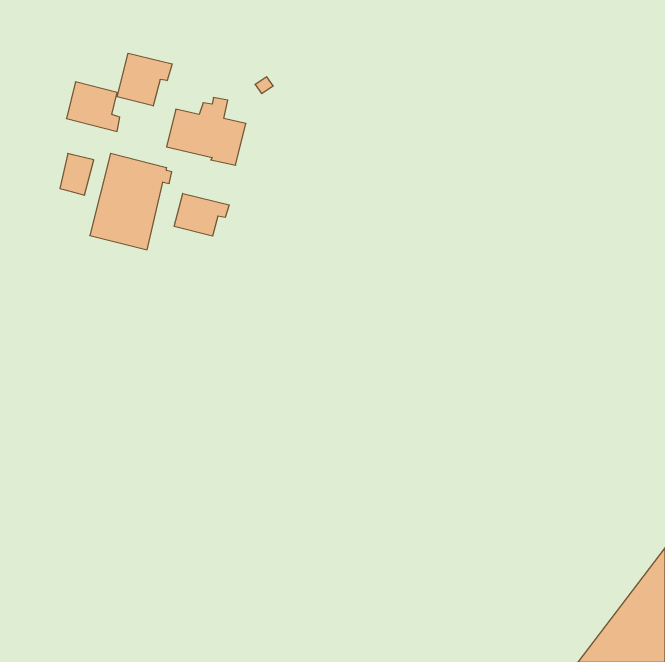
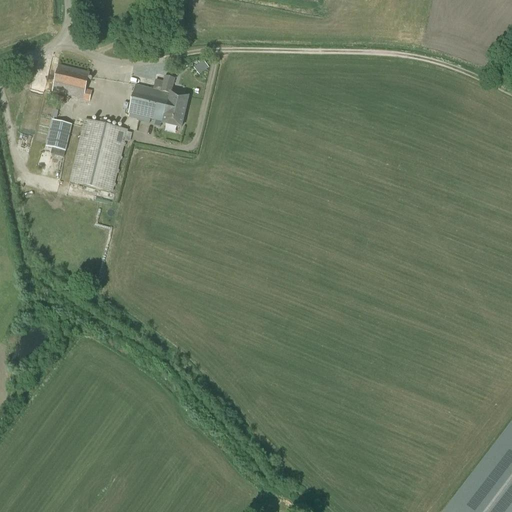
building: [117,53,172,106] -> none
building: [174,193,229,236] -> none

